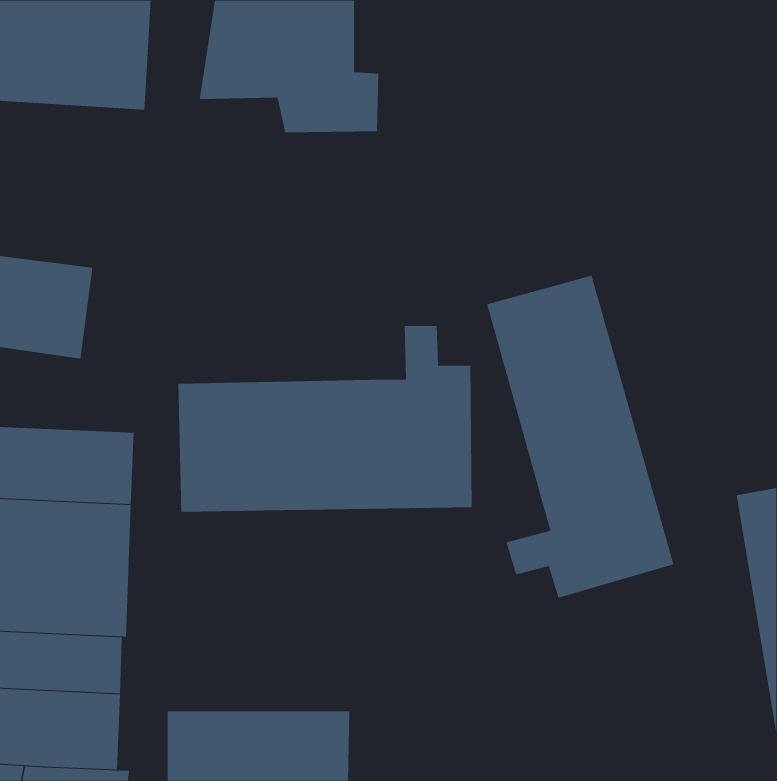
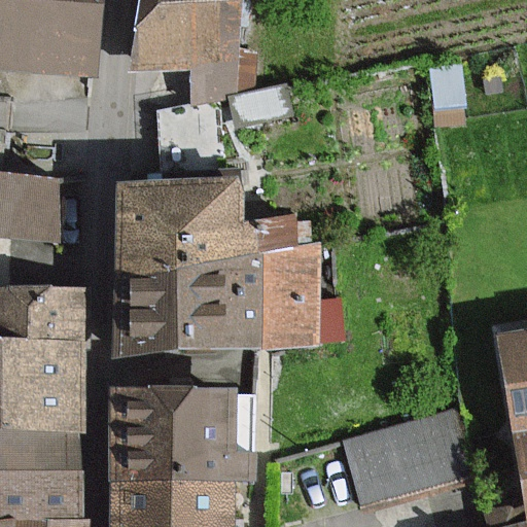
building: none -> [118,177,259,258]
building: [486,275,674,598] -> none
building: none -> [112,386,256,479]
building: none -> [346,413,467,501]

